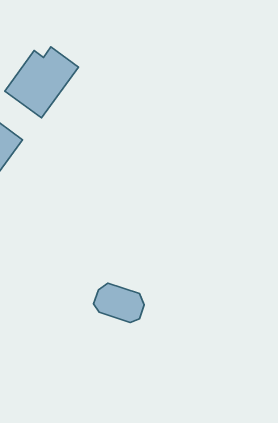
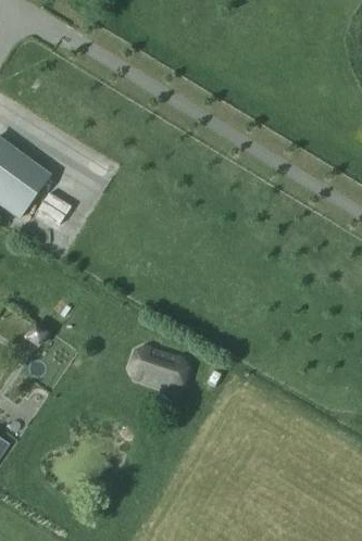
building: [5,47,79,118] -> none

